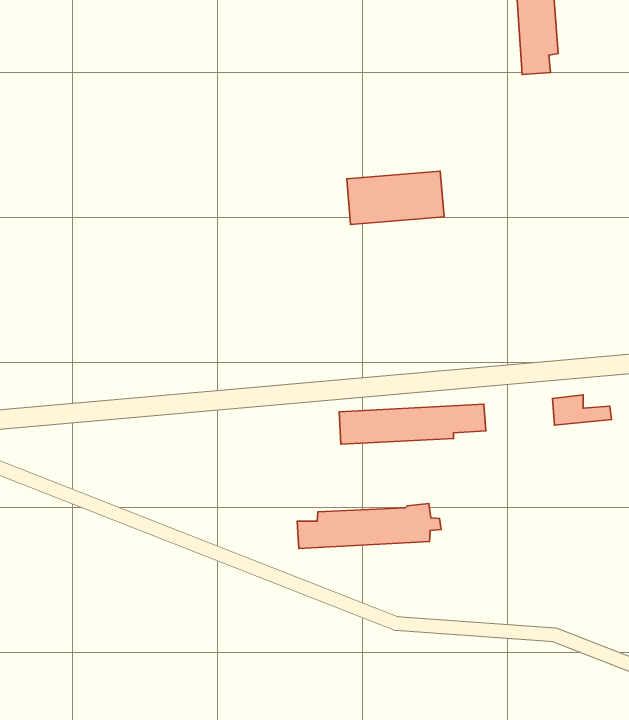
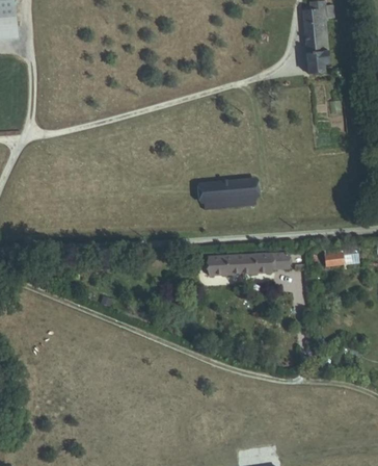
building: [347,171,444,224] -> [204,180,256,209]
building: [297,503,441,548] -> none

